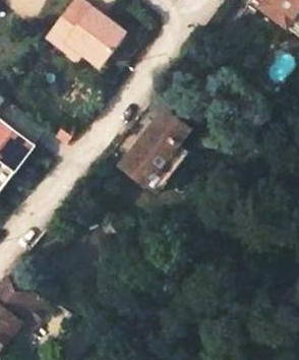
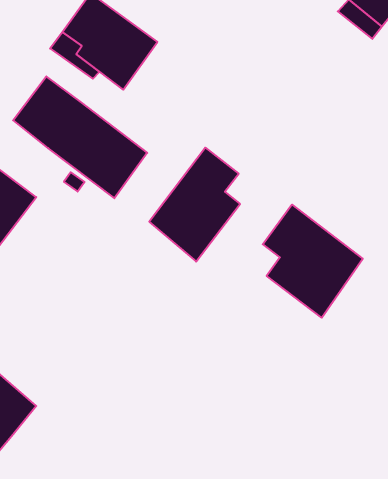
building: none -> [13,76,147,198]
building: none -> [263,205,363,318]

